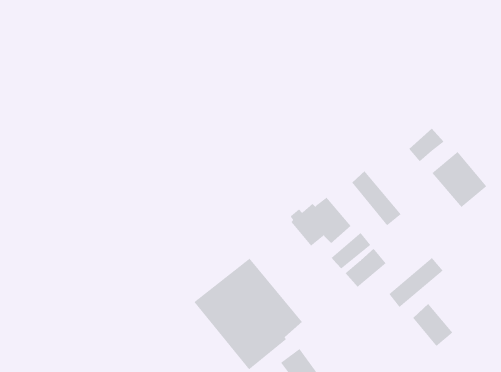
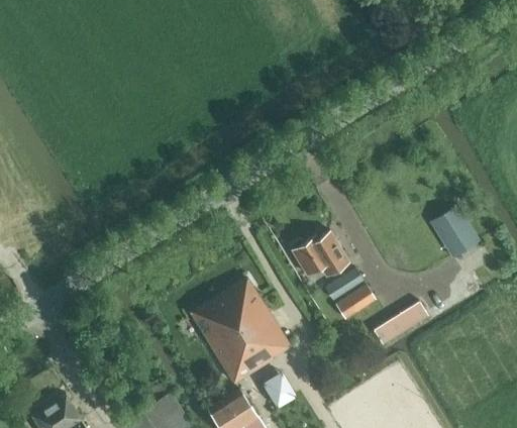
building: [409,128,444,162] -> none
building: [351,171,401,226] -> none
building: [412,303,453,347] -> none

